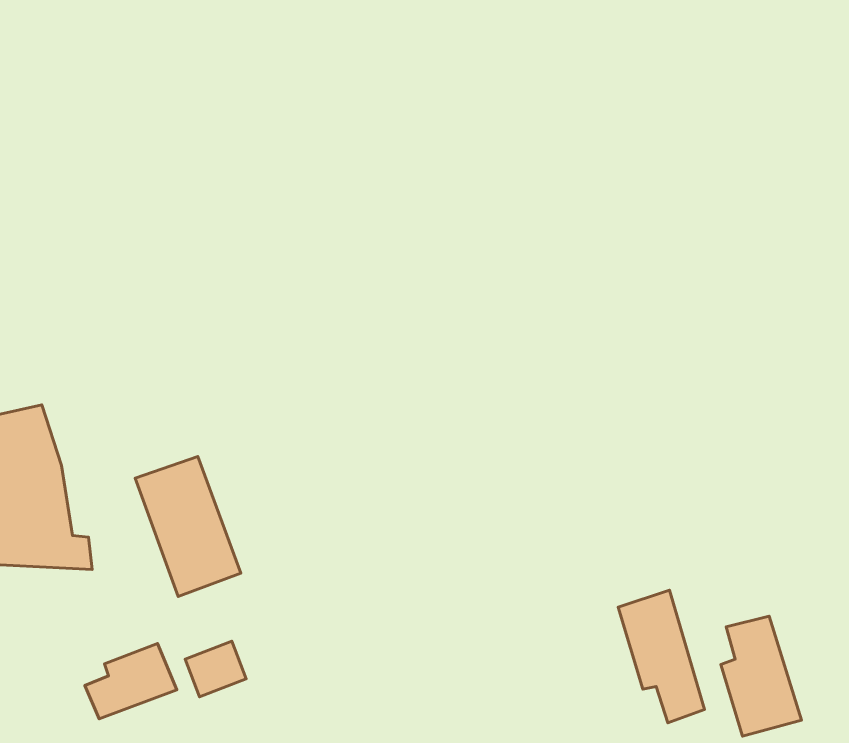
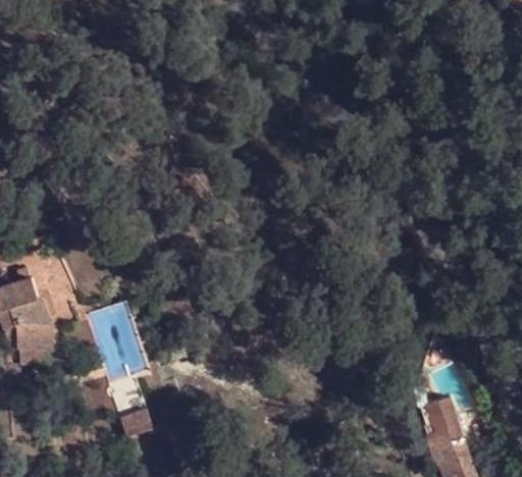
building: [618,590,704,723] -> none
building: [85,644,177,719] -> none

